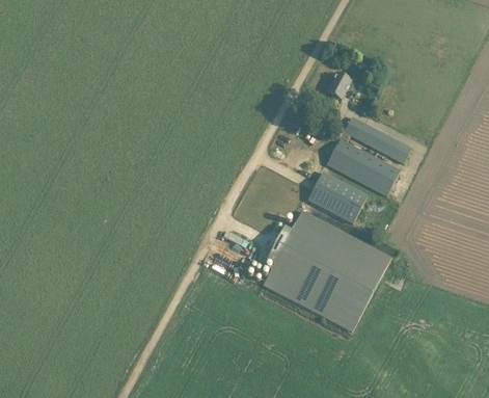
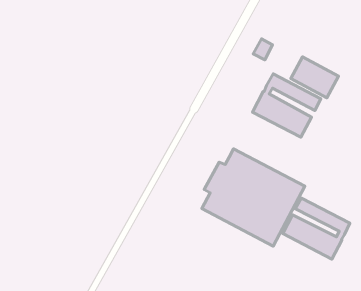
building: [308,171,368,222] -> [291,57,338,98]
building: none -> [283,198,350,259]

